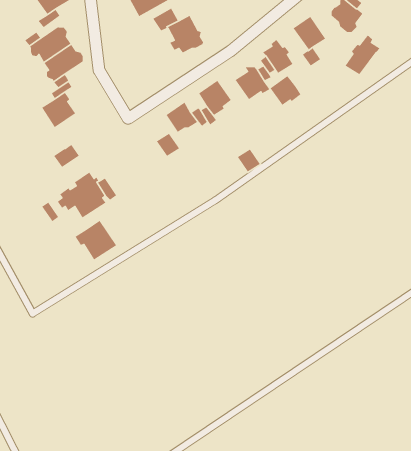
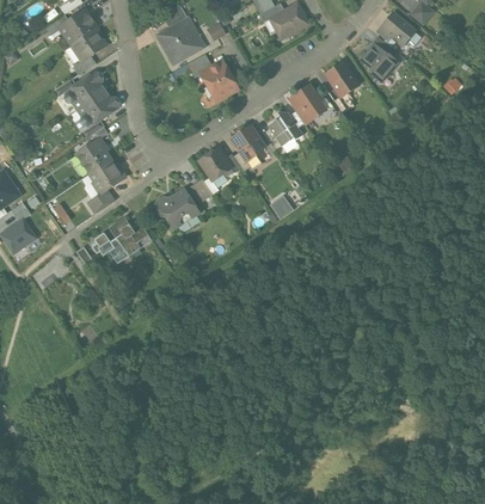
building: [345,34,381,75] -> none
building: [270,75,302,106] -> none
building: none -> [90,159,125,193]
building: none -> [156,190,205,238]
building: [74,220,117,260] -> none

